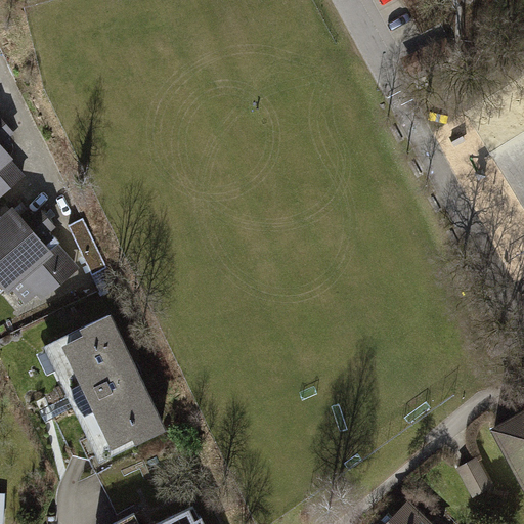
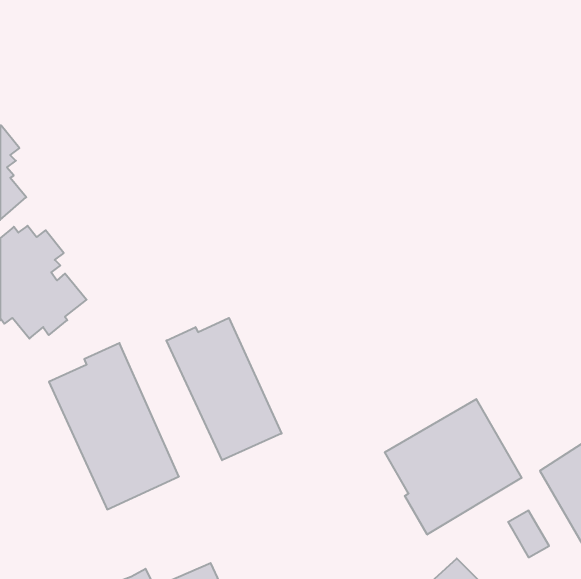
building: none -> [166,318,282,460]
building: none -> [385,399,522,535]

